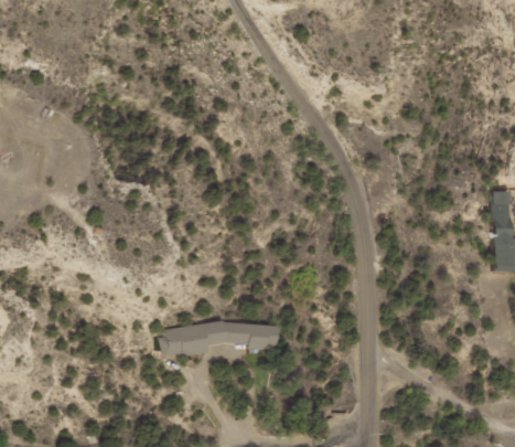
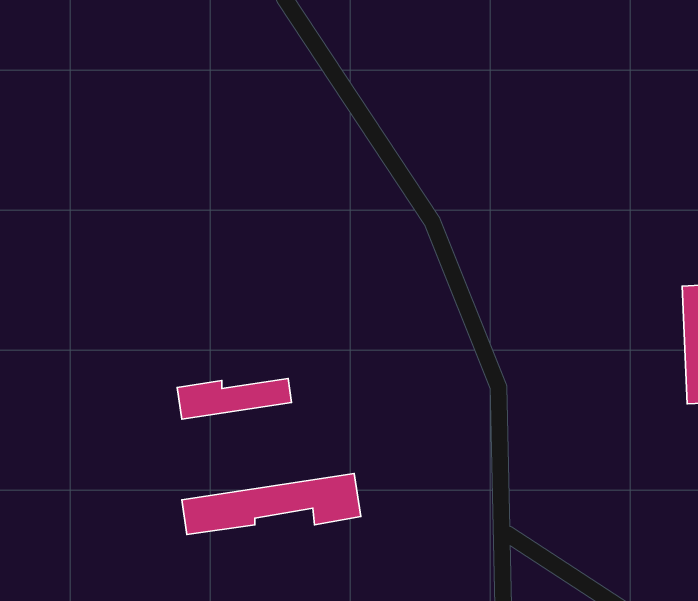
building: none -> [177,379,292,419]

